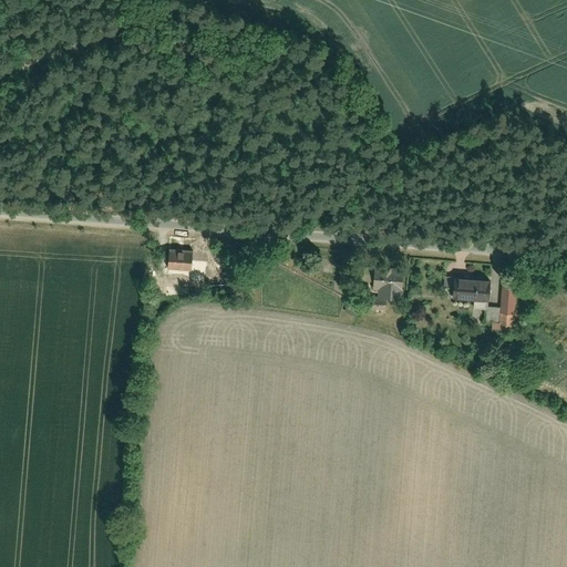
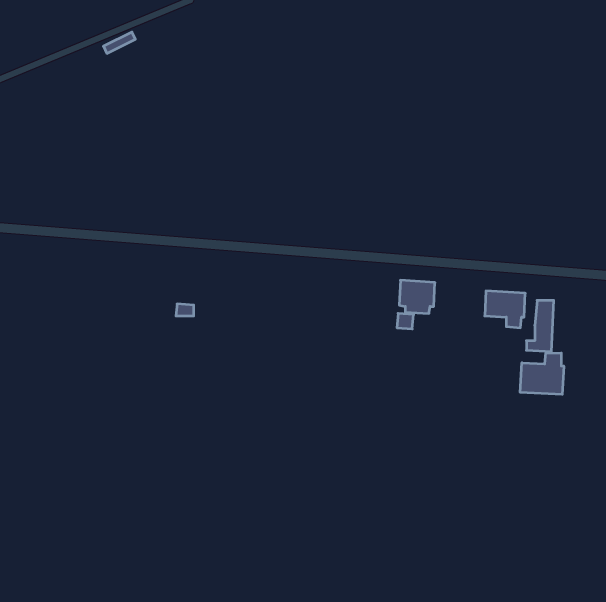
building: [166,250,193,274] -> none
building: none -> [520,353,564,394]

